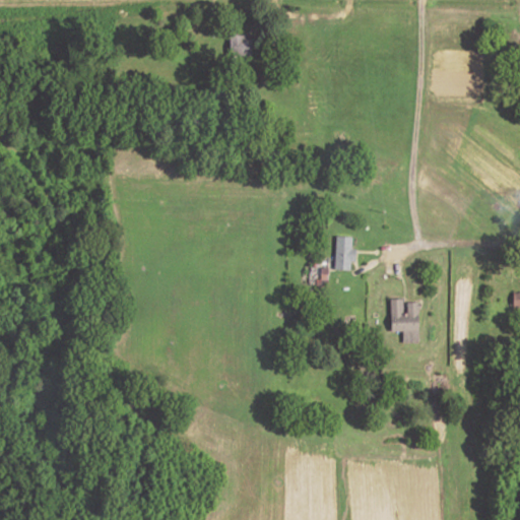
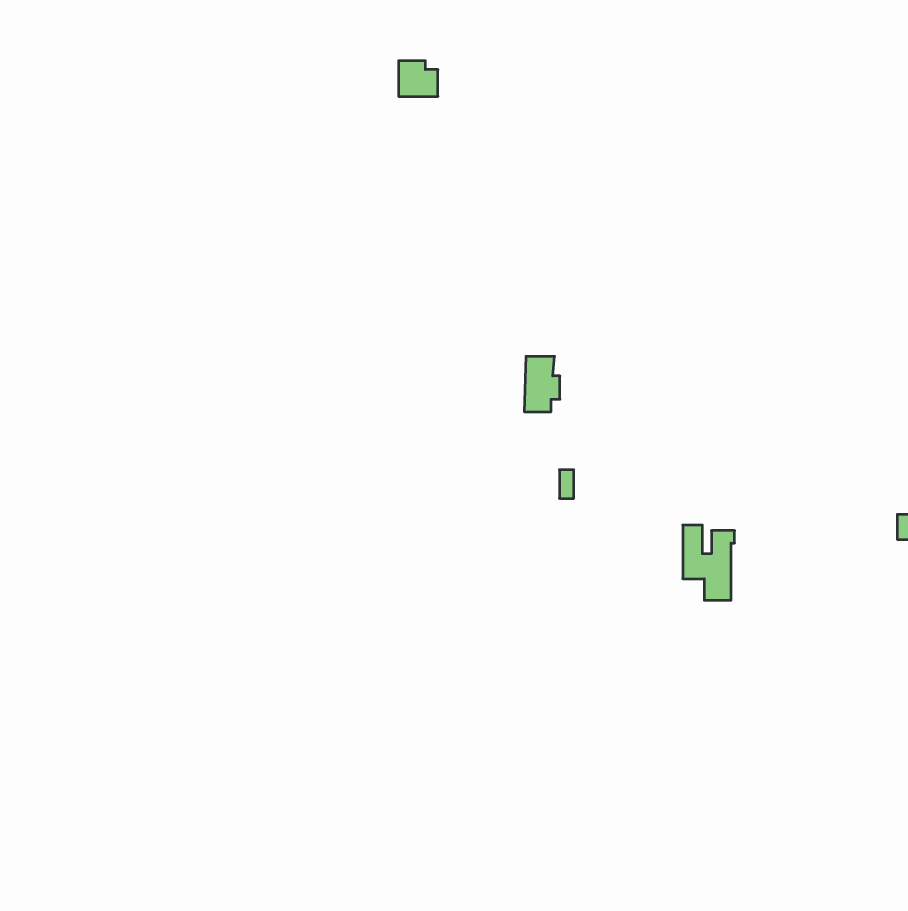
building: [335,237,355,268] -> [524,356,560,412]

